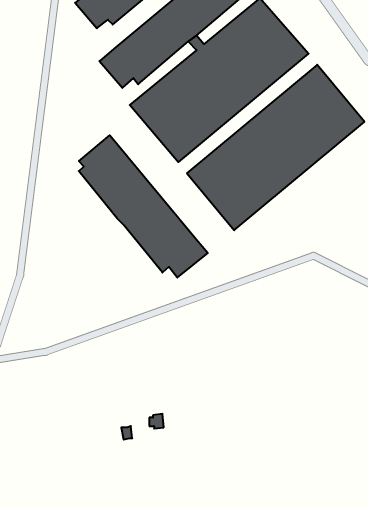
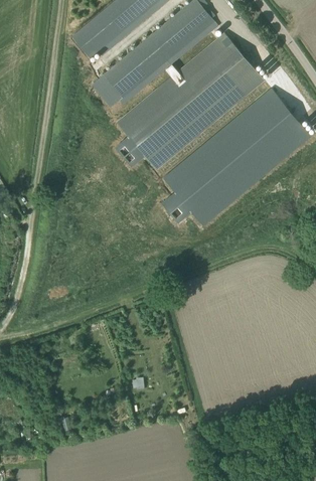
building: [79,135,208,278] -> none

